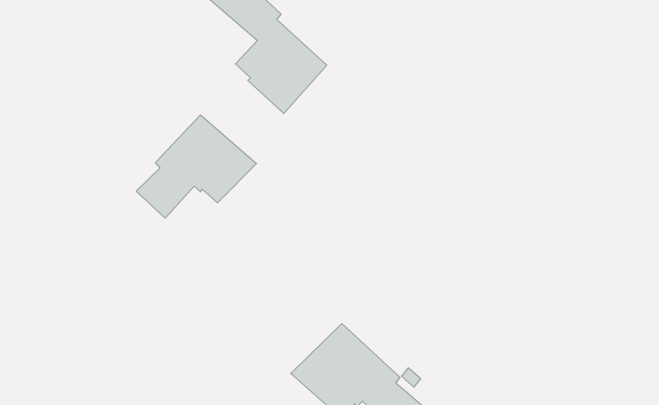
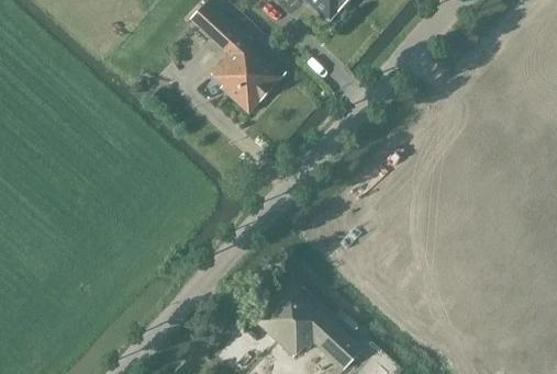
building: [136,115,257,218] -> none

